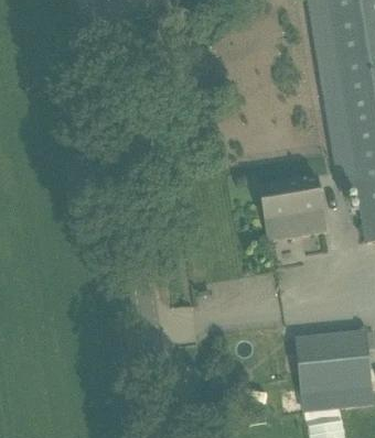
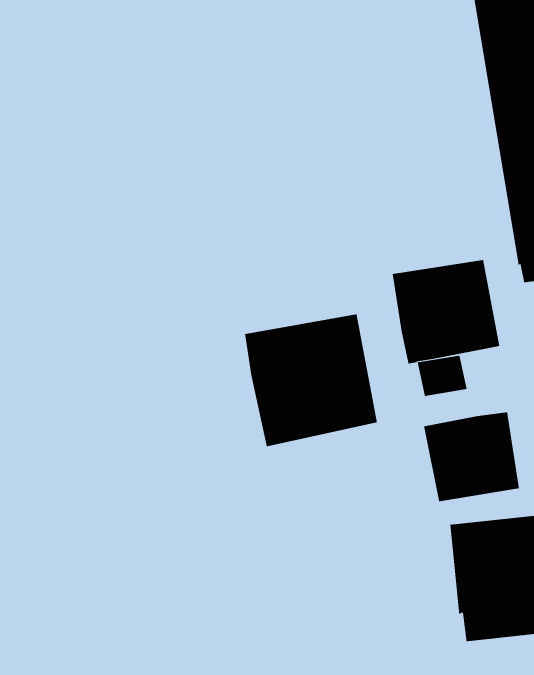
building: none -> [244,313,377,447]
building: none -> [424,411,520,502]

